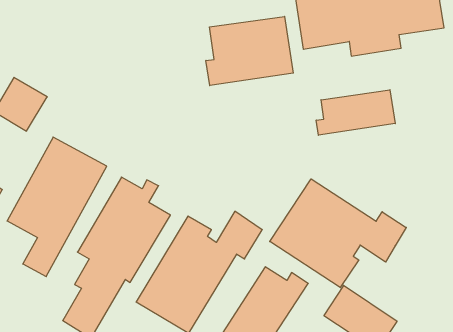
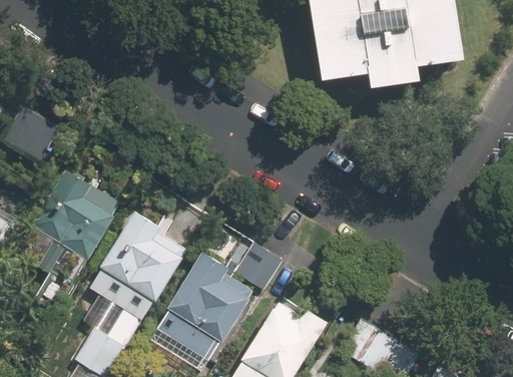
building: [206,16,293,86] -> none
building: [316,90,395,135] -> none
building: [270,179,406,288] -> none

